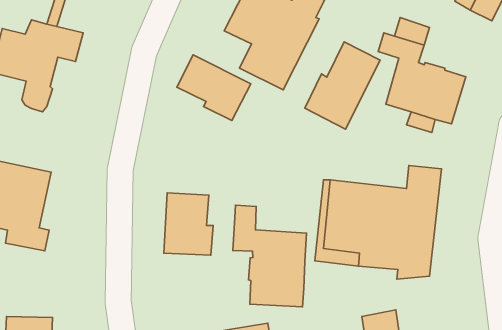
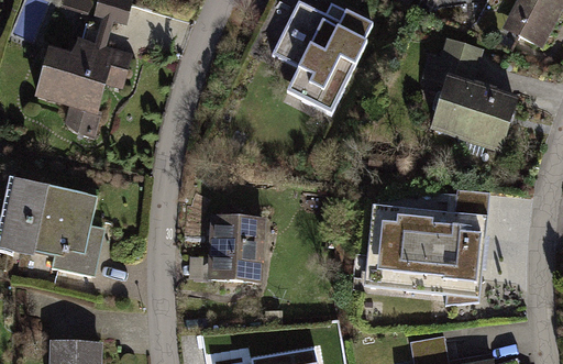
building: [305,42,380,129] -> none
building: [177,55,251,120] -> none
building: [233,205,306,307] -> none

